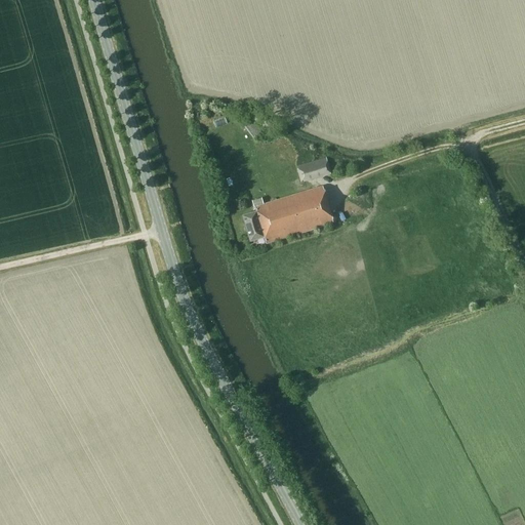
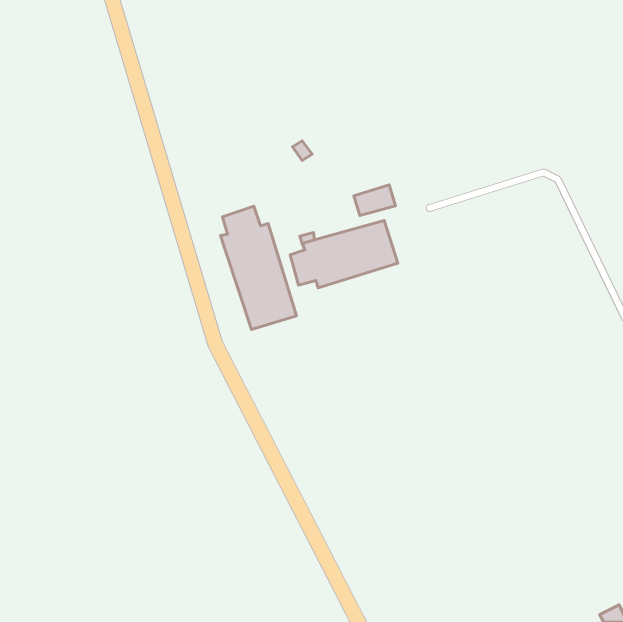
building: none -> [221,206,297,330]

